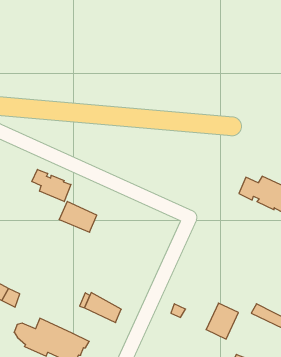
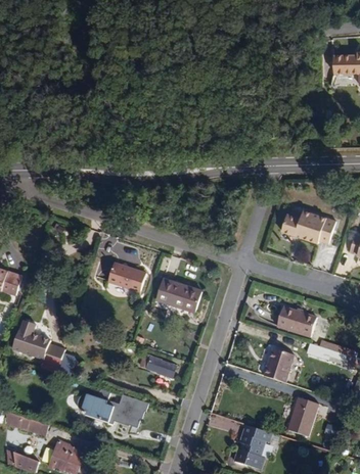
building: [32,169,71,202] -> none
building: none -> [156,279,200,312]
building: none -> [280,305,320,336]

